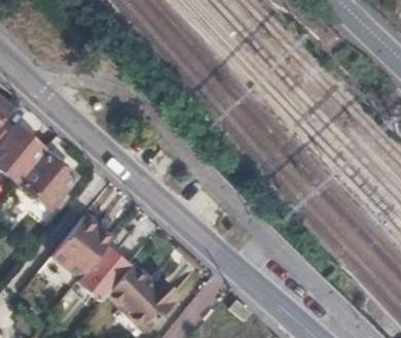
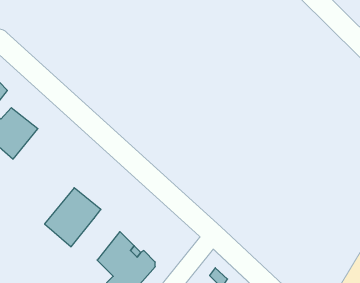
building: [22,155,76,208] -> none
building: [79,247,130,300] -> none

